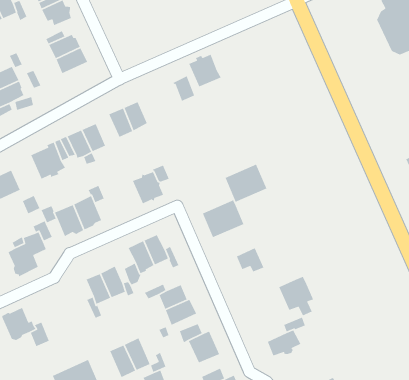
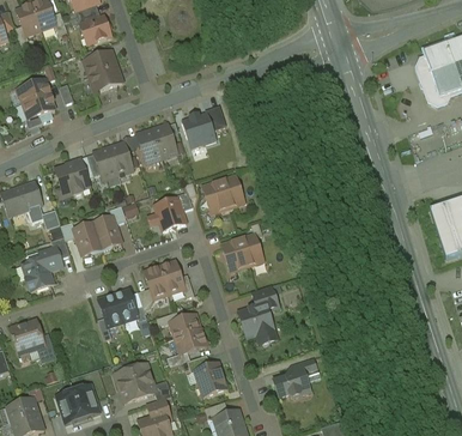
building: [188,53,222,87] -> [183,113,215,146]
building: [225,164,267,203] -> [202,176,244,213]
building: [278,276,314,317] -> [238,303,273,344]

